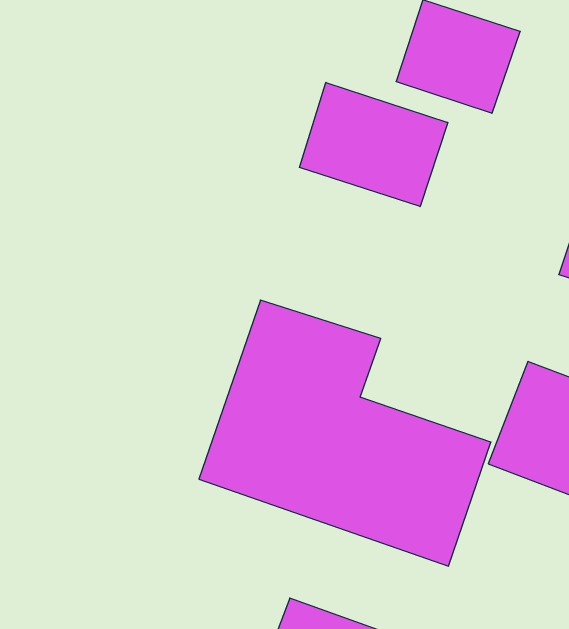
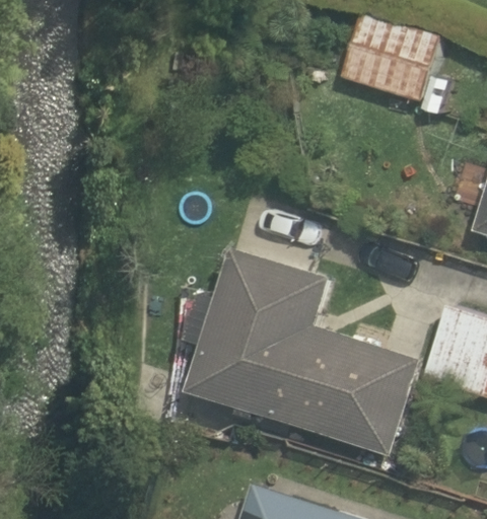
building: [299,82,448,207] -> none

